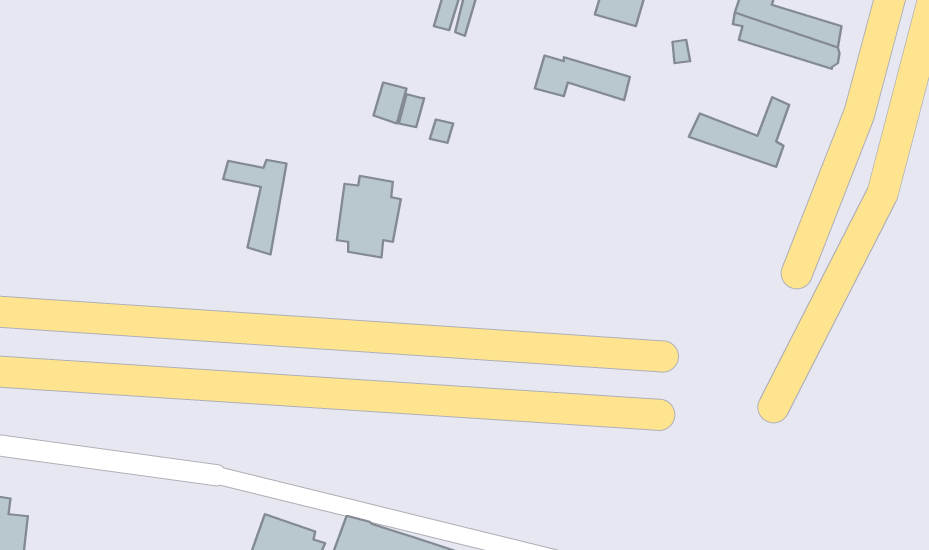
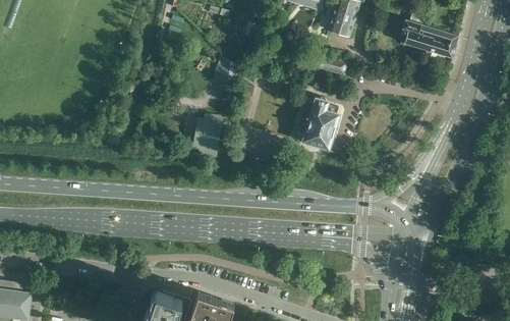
building: [689,97,789,167] -> none
building: none -> [297,100,337,149]
building: [223,160,286,254] -> none

